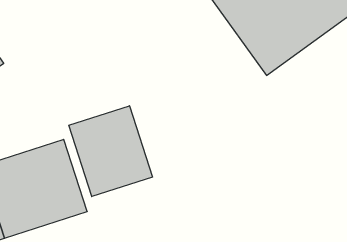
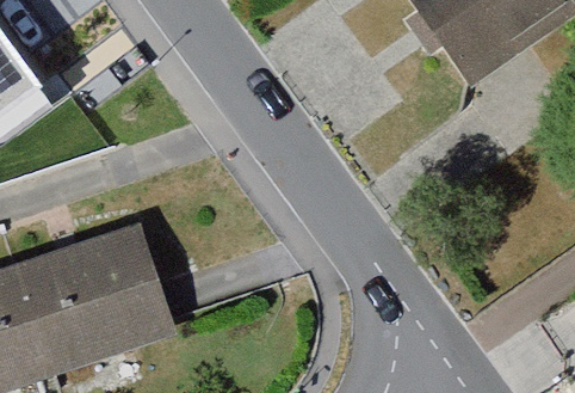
building: [69,106,152,197] -> none

